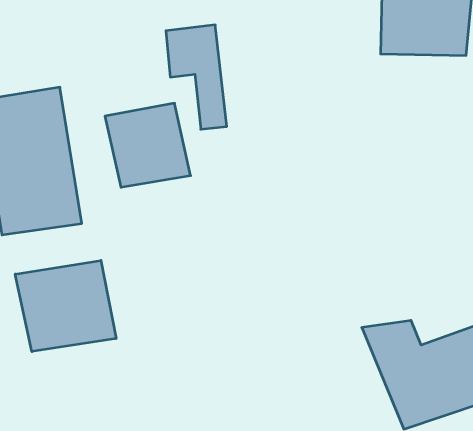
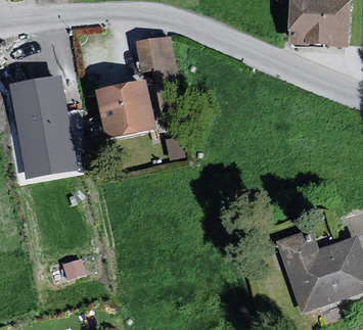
building: [15,260,116,352] -> none

